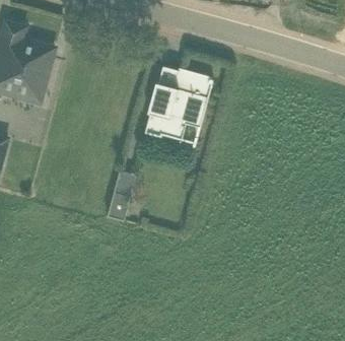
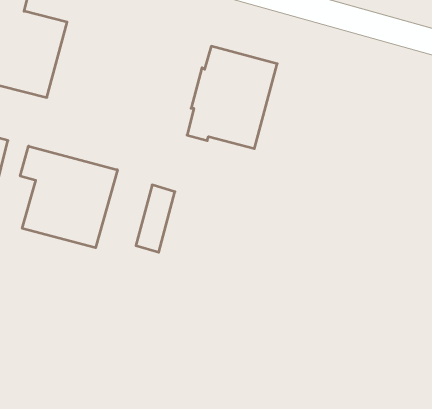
building: none -> [20,146,117,248]

